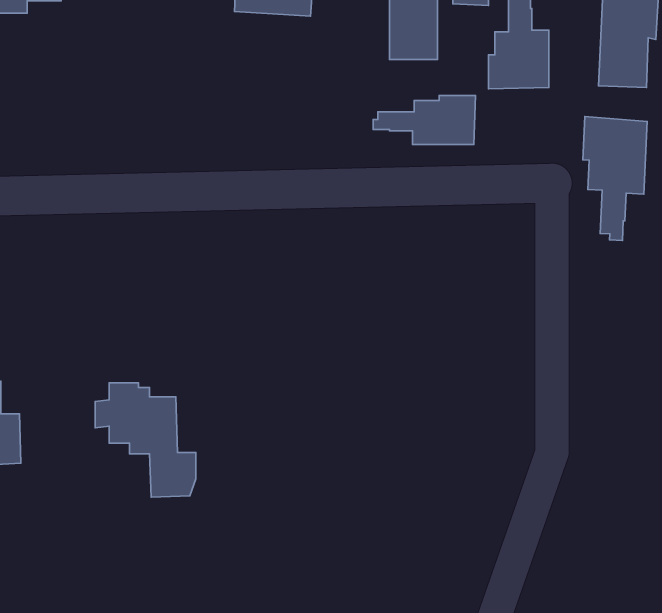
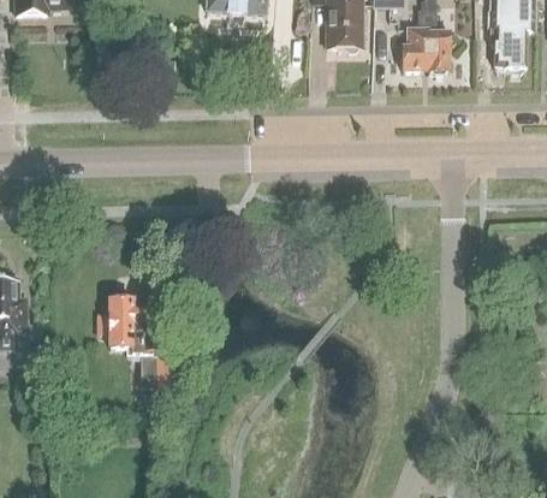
building: [373,95,475,145] -> none
building: [583,117,647,240] -> none

